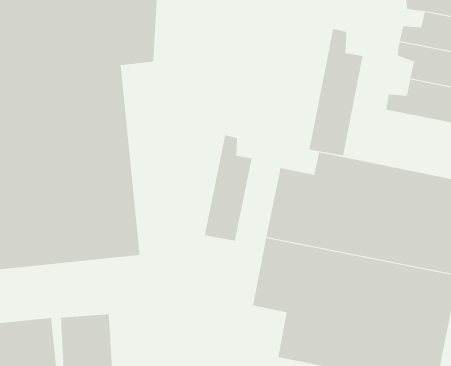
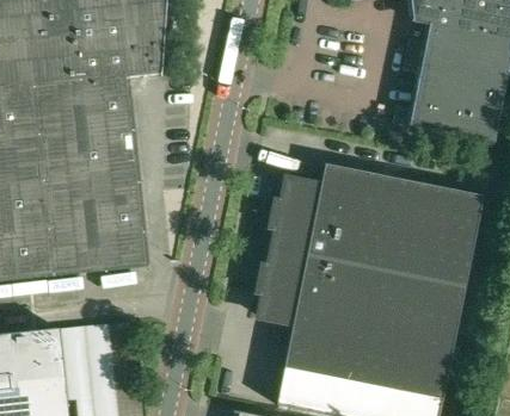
building: [309,28,363,156] -> none
building: [204,134,252,242] -> none

